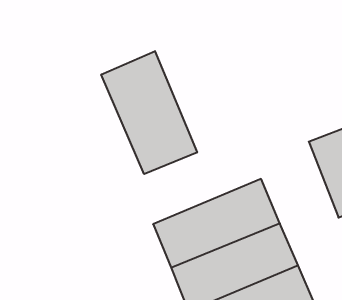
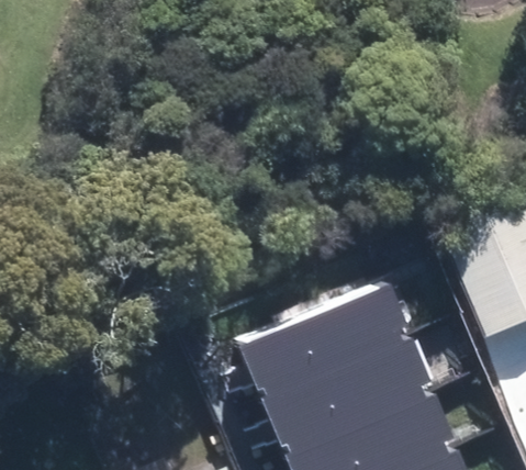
building: [101,51,197,174] -> none

